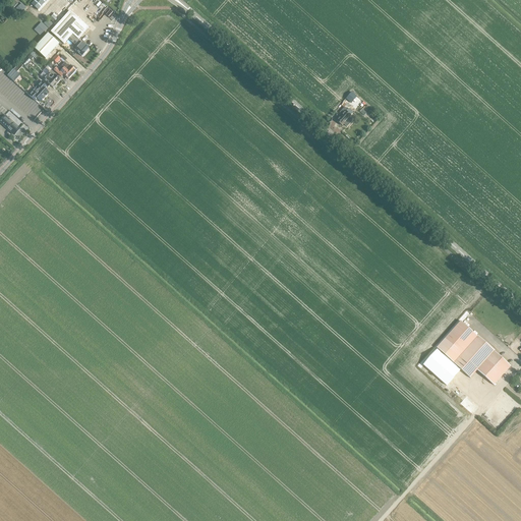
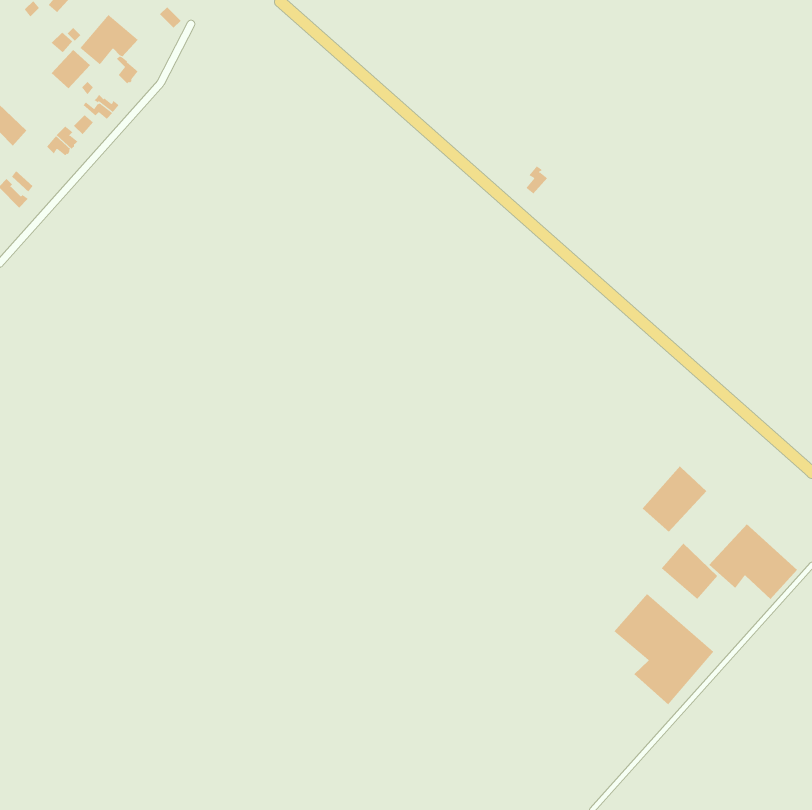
building: [436,319,477,361] -> [642,466,707,532]
building: none -> [613,593,714,705]

